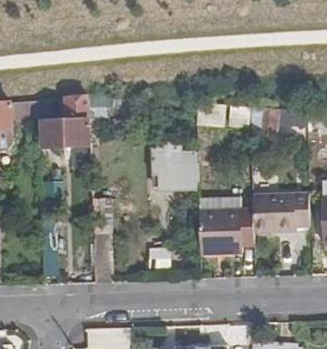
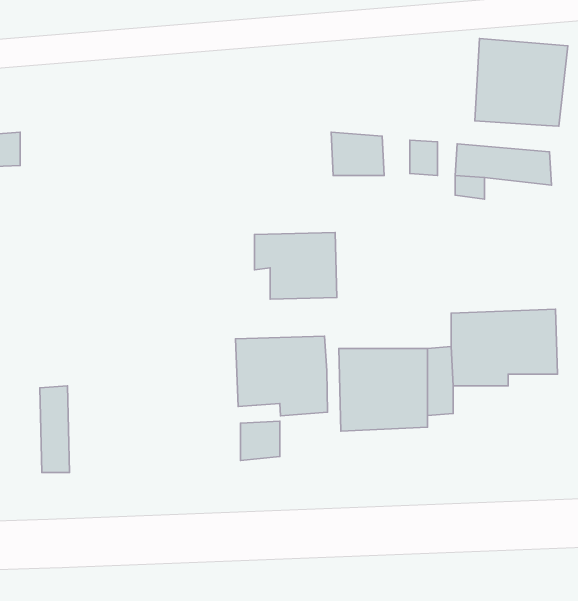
building: none -> [475,38,568,126]
building: [42,96,90,146] -> none
building: none -> [236,336,328,416]

